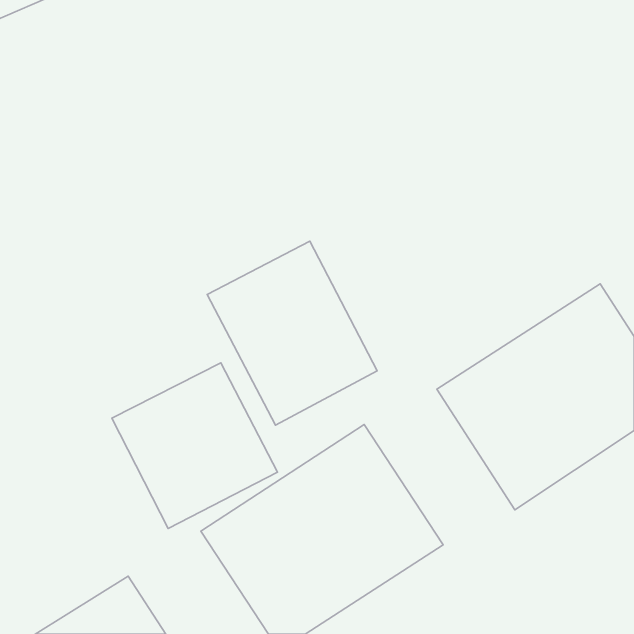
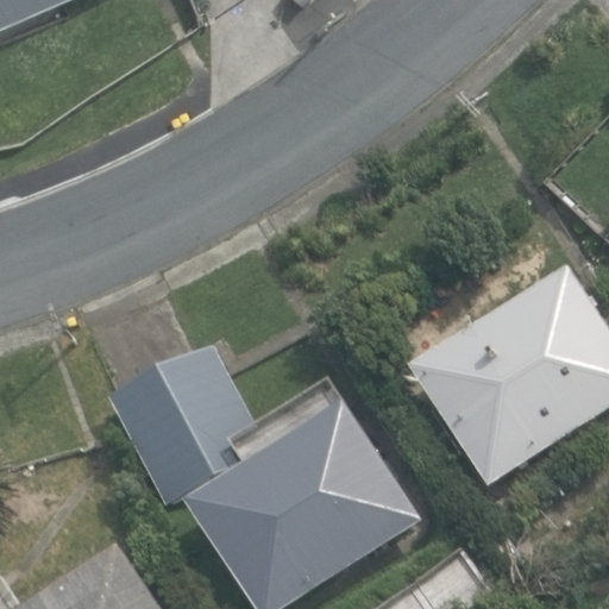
building: [207,241,377,425] -> none

